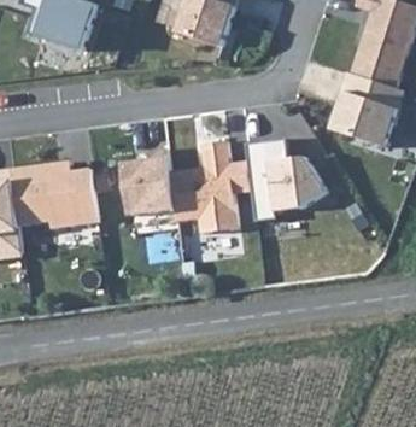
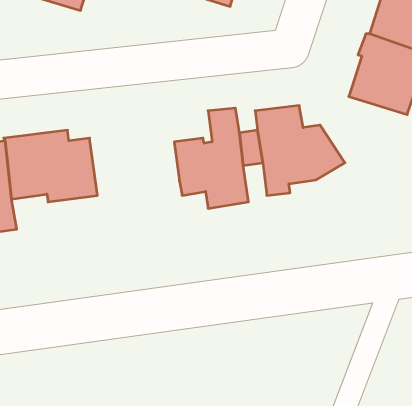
building: [124,150,175,215] -> none

